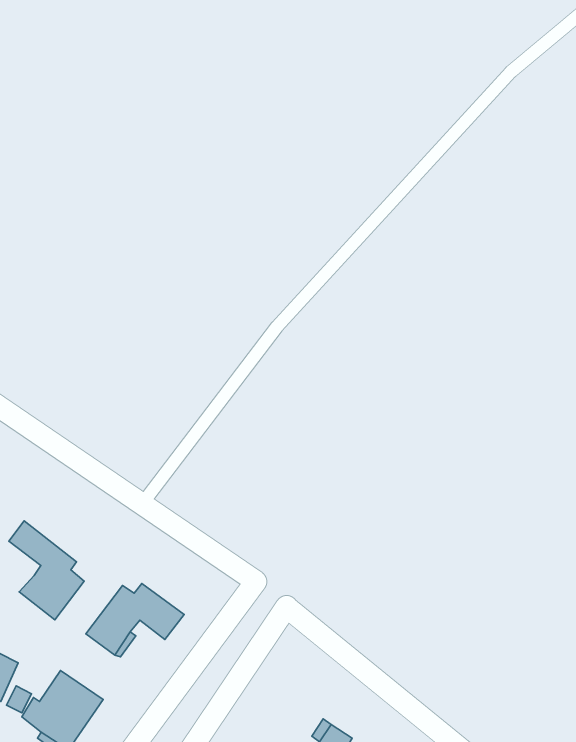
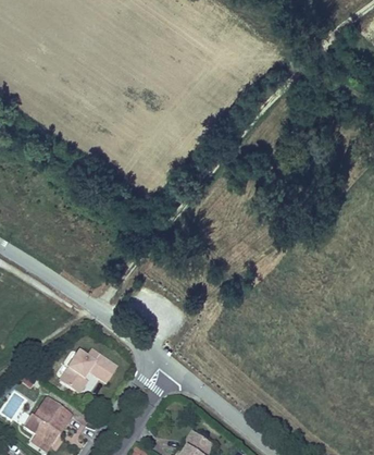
building: [9,521,84,620] -> none

